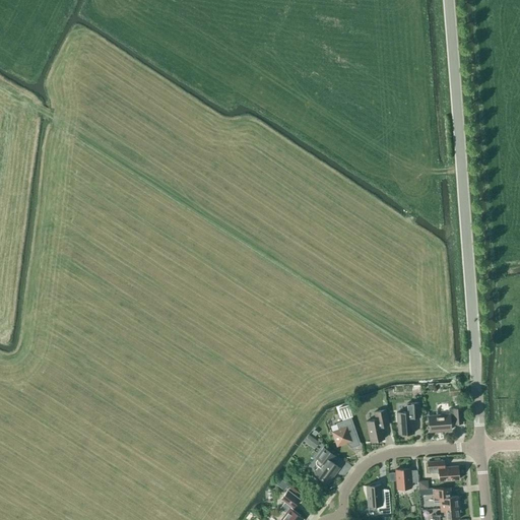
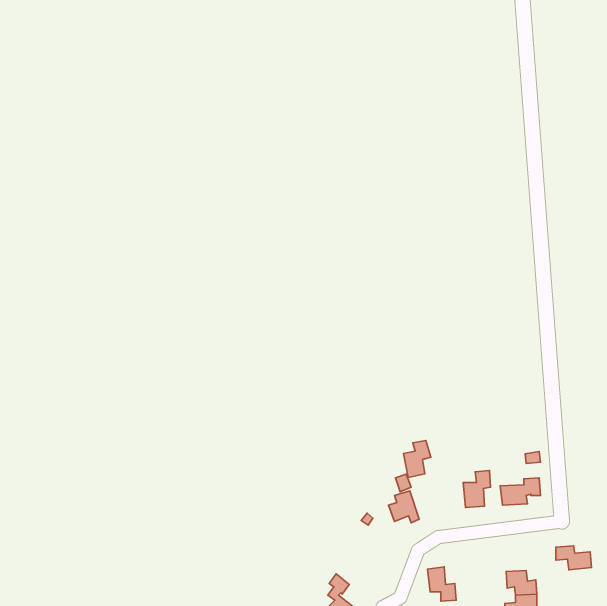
building: [366,411,389,443] -> [403,441,431,477]
building: [315,449,339,484] -> none
building: [428,462,458,482] -> [556,546,591,570]
building: [395,469,417,490] -> none

